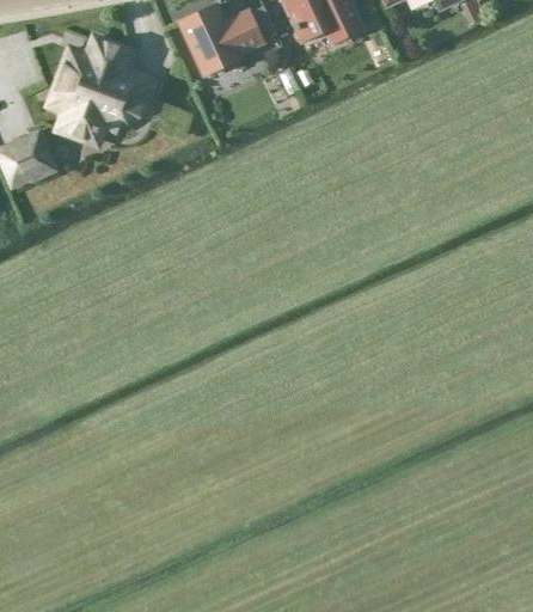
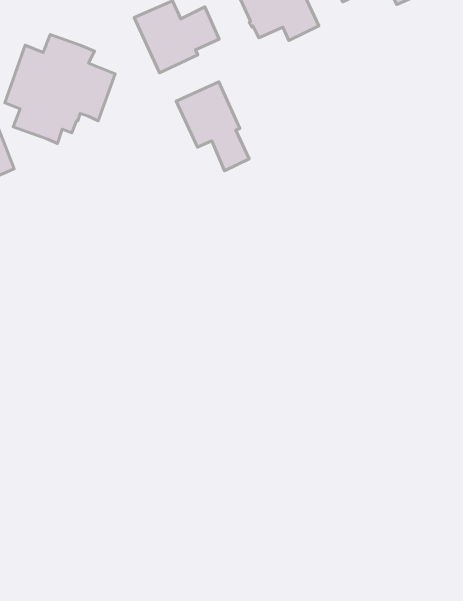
building: none -> [176,82,249,171]

